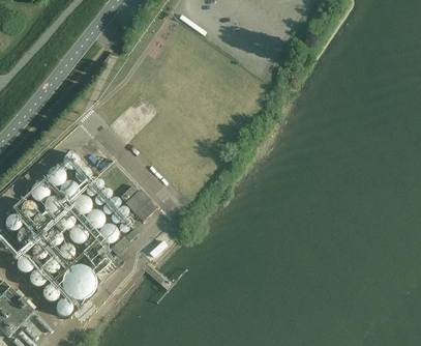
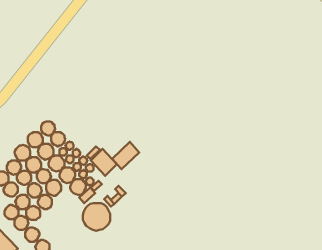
building: none -> [112,142,139,169]
building: [63,267,97,301] -> [83,203,110,231]

